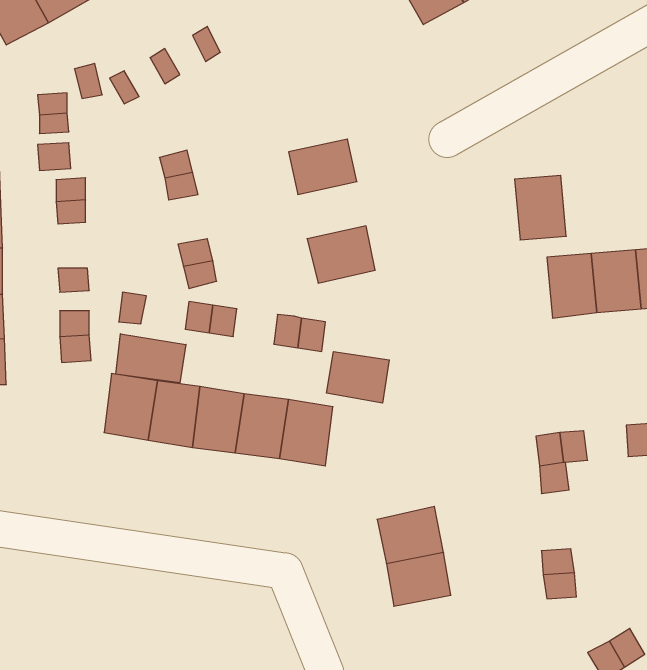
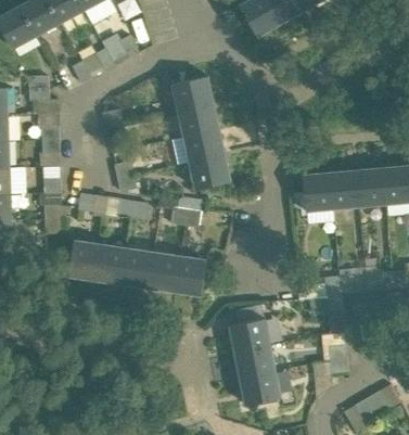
building: none -> [171,76,213,111]
building: [515,175,566,240] -> [303,172,333,210]
building: none -> [183,128,223,162]
building: [116,334,186,383] -> none
building: [327,352,389,403] -> none
building: none -> [240,371,279,404]

